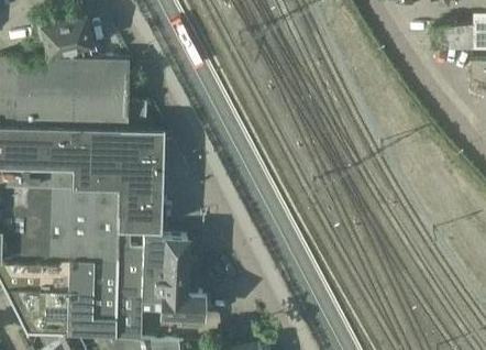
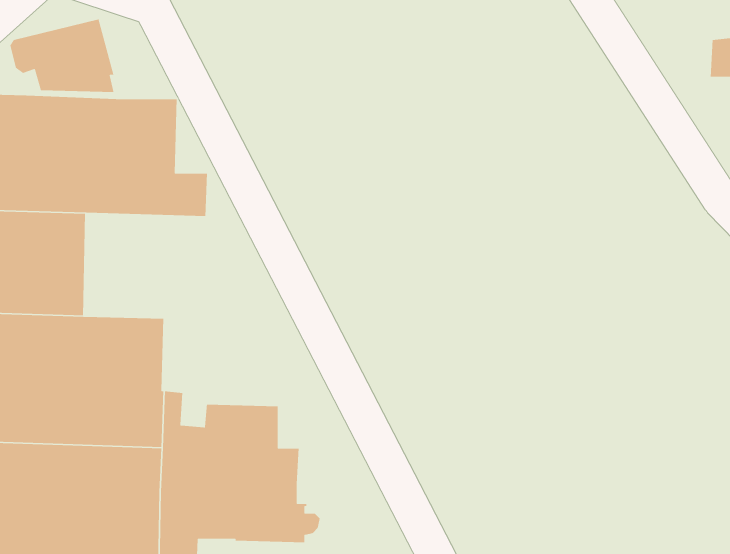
building: [75,125,165,229] -> none

